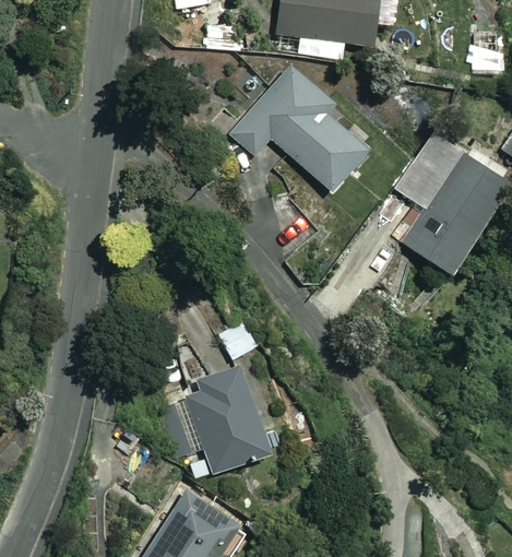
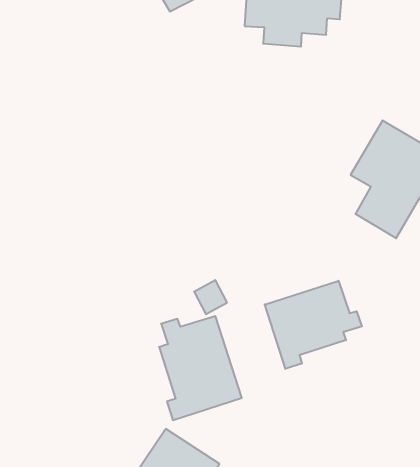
building: [231,67,364,190] -> none
building: none -> [265,281,362,369]

